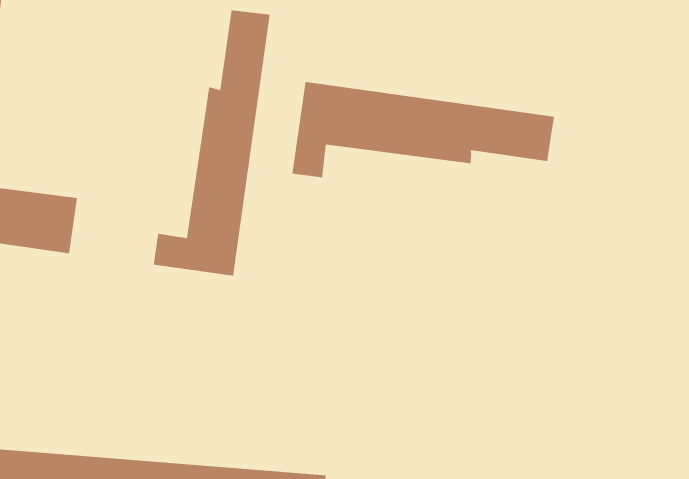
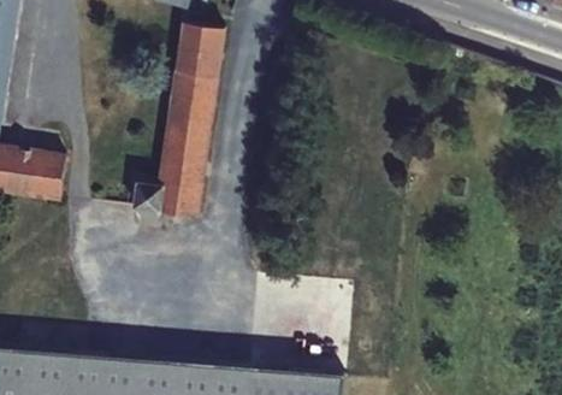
building: [292,81,555,178] -> none

